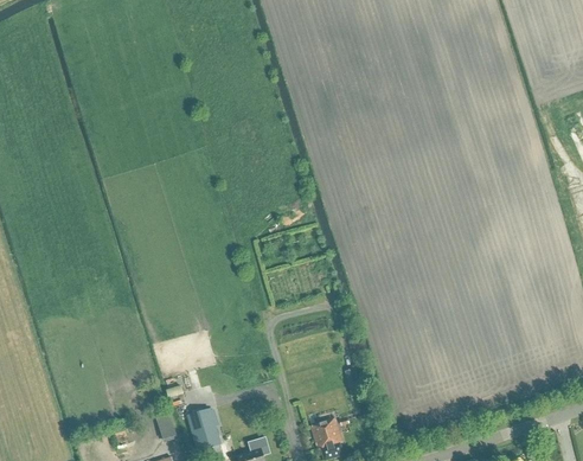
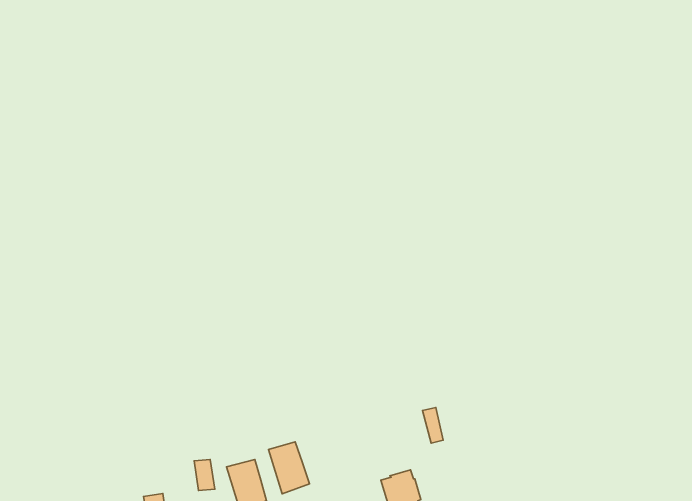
building: none -> [269,442,309,494]

